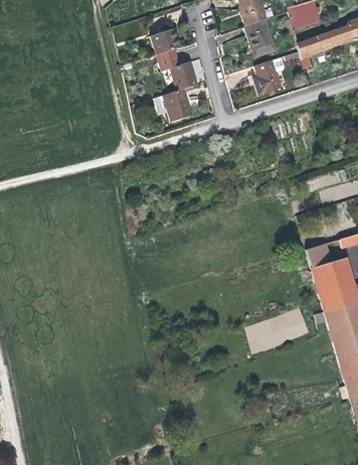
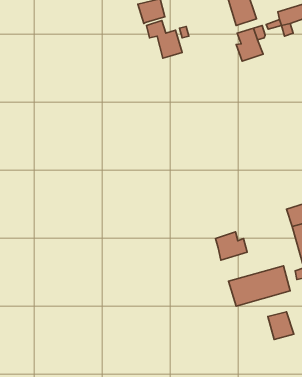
building: [155,89,192,121] -> none
building: none -> [215,232,247,260]
building: none -> [268,312,294,340]

